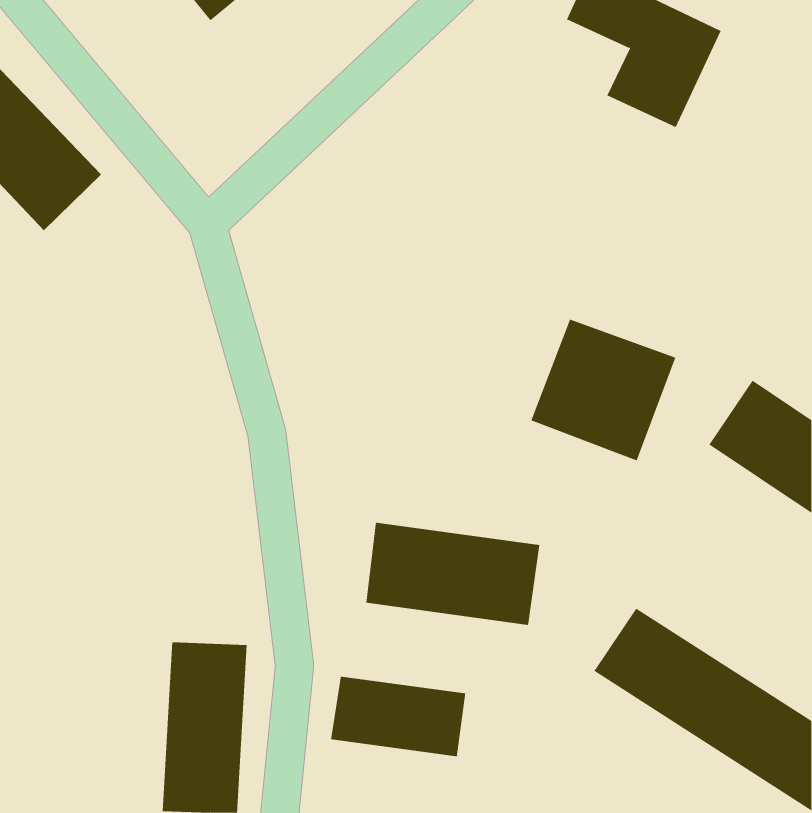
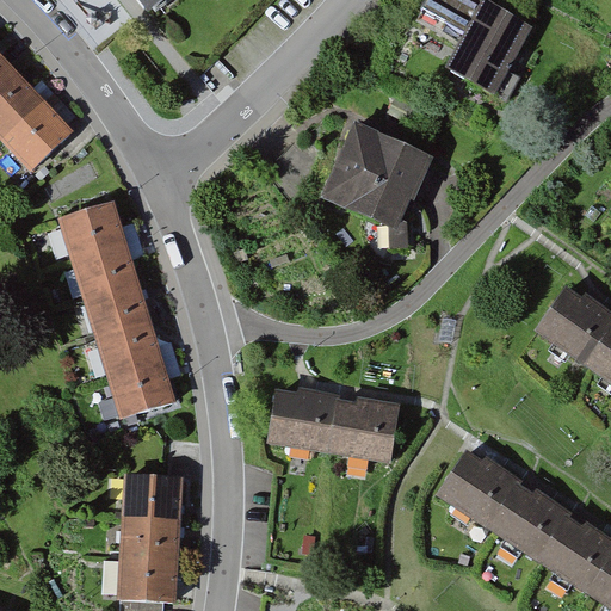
building: none -> [58,202,175,420]
building: [531,319,676,461] -> [325,124,432,229]
building: [331,676,466,757] -> none

